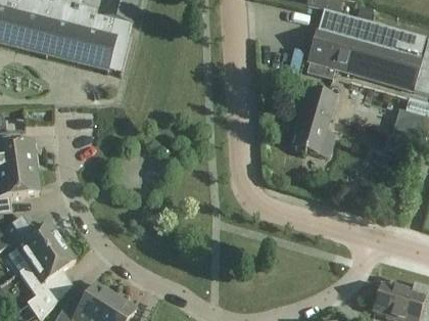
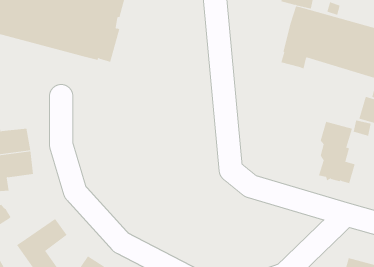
building: [294,87,335,155] -> [318,121,356,184]
building: [15,222,61,264] -> none

